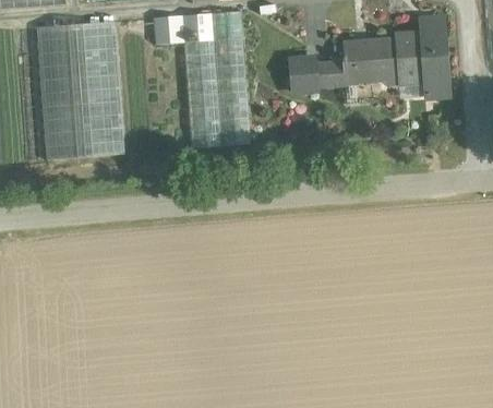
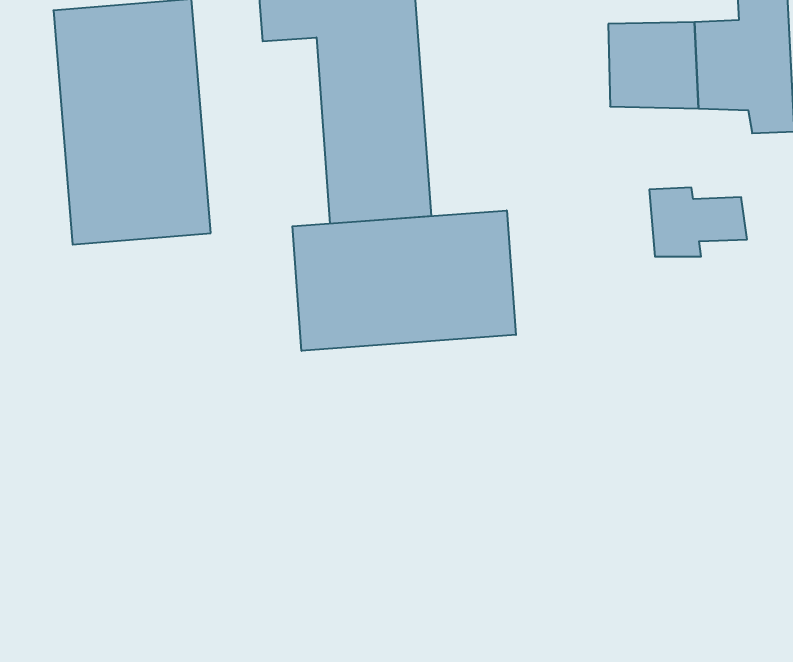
building: [294,52,350,92] -> [649,188,747,257]
building: none -> [292,210,516,351]

